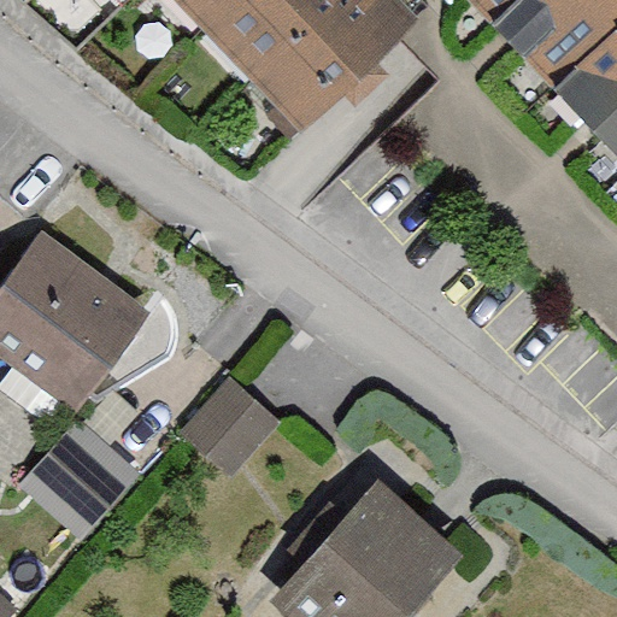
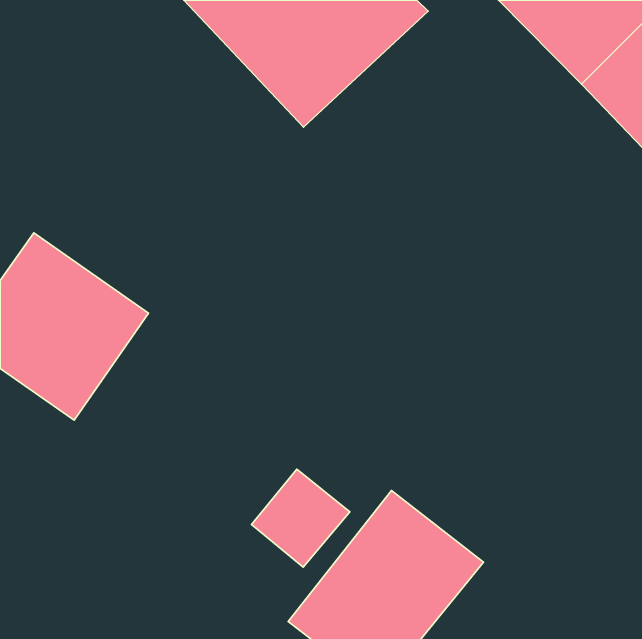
building: [178,382,272,476] -> [251,469,350,567]
building: [27,429,136,539] -> none

